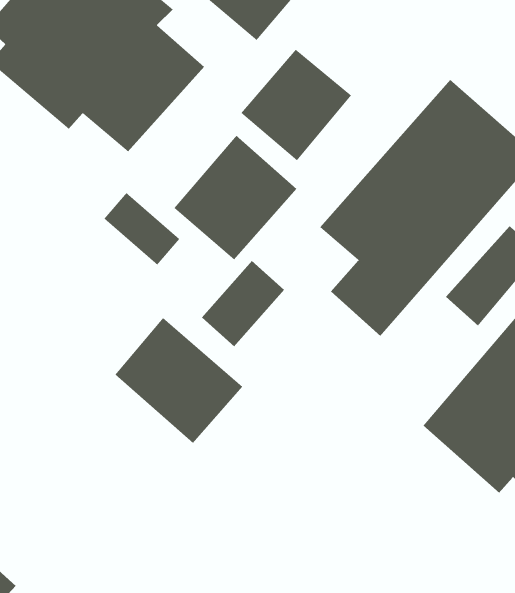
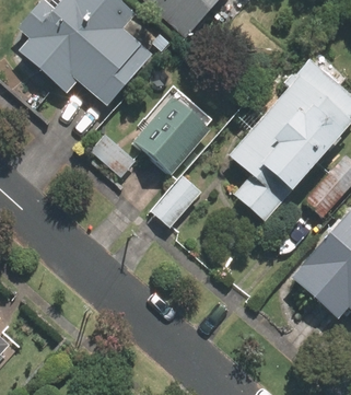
building: [241,49,352,161] -> none
building: [115,317,243,444] -> none

